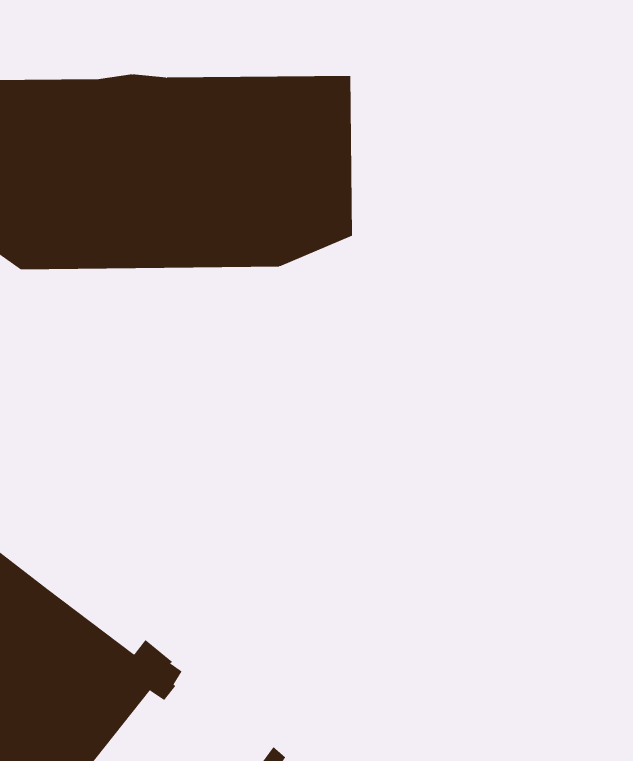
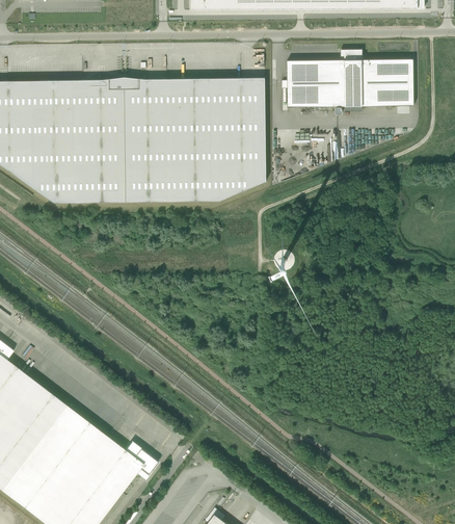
building: none -> [280,49,412,107]

